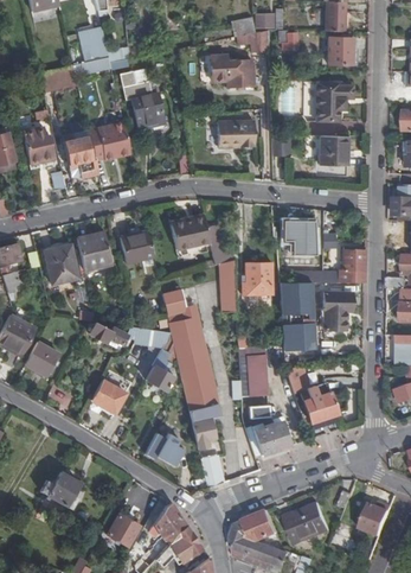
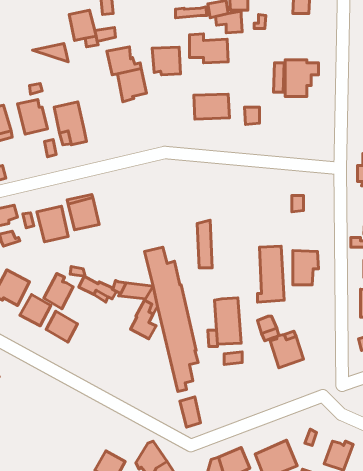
building: [329,39,353,66] -> none
building: none -> [152,47,180,75]
building: [88,121,129,159] -> none
building: [321,135,346,165] -> none
building: [171,215,210,248] -> none
building: [283,221,316,263] -> none
building: [120,229,153,261] -> none
building: [343,252,365,282] -> none
building: [242,262,271,293] -> none
building: none -> [44,274,73,309]
building: [91,378,126,413] -> [46,311,78,342]
building: [252,415,289,454] -> none
building: [145,422,185,465] -> none
building: [40,471,79,508] -> none

